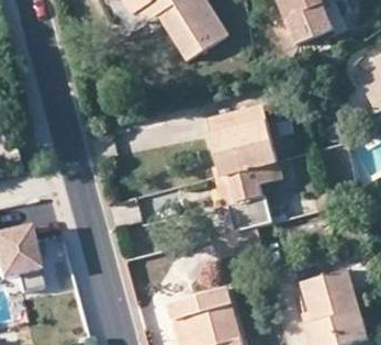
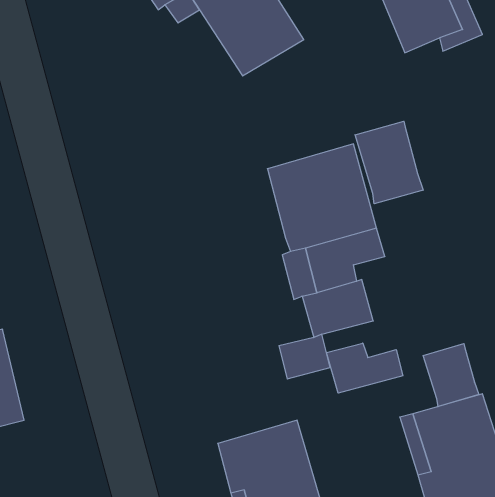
building: none -> [355,121,423,204]
building: none -> [326,343,403,393]
building: none -> [423,344,479,407]

